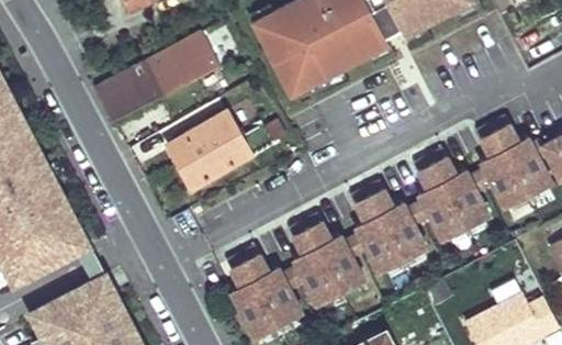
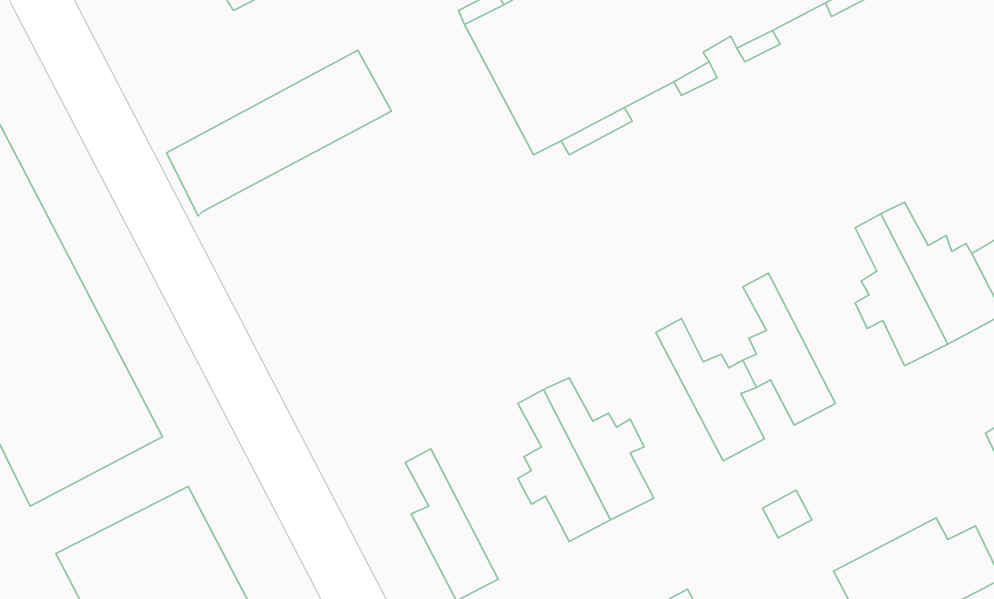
building: [168,113,273,189] -> none
building: [428,149,488,230] -> none
building: [351,190,403,274] -> none
building: [240,247,302,327] -> none

